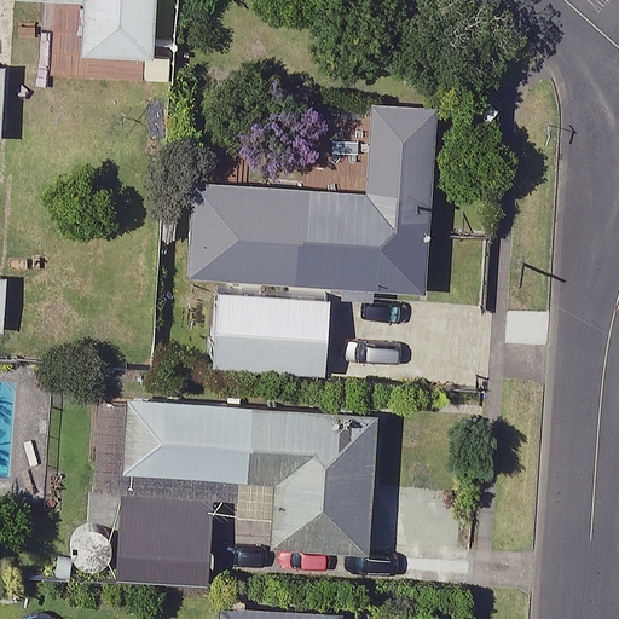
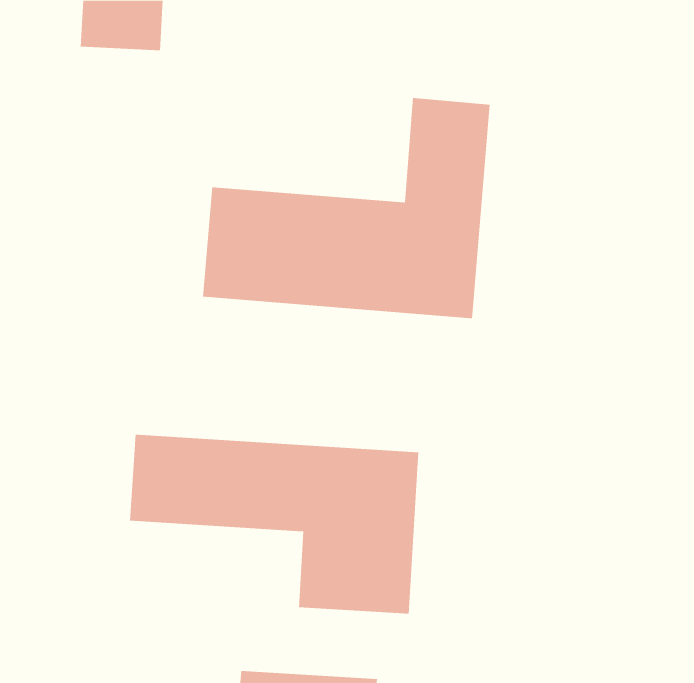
building: [212,293,332,377] -> none
building: [115,498,215,591] -> none

